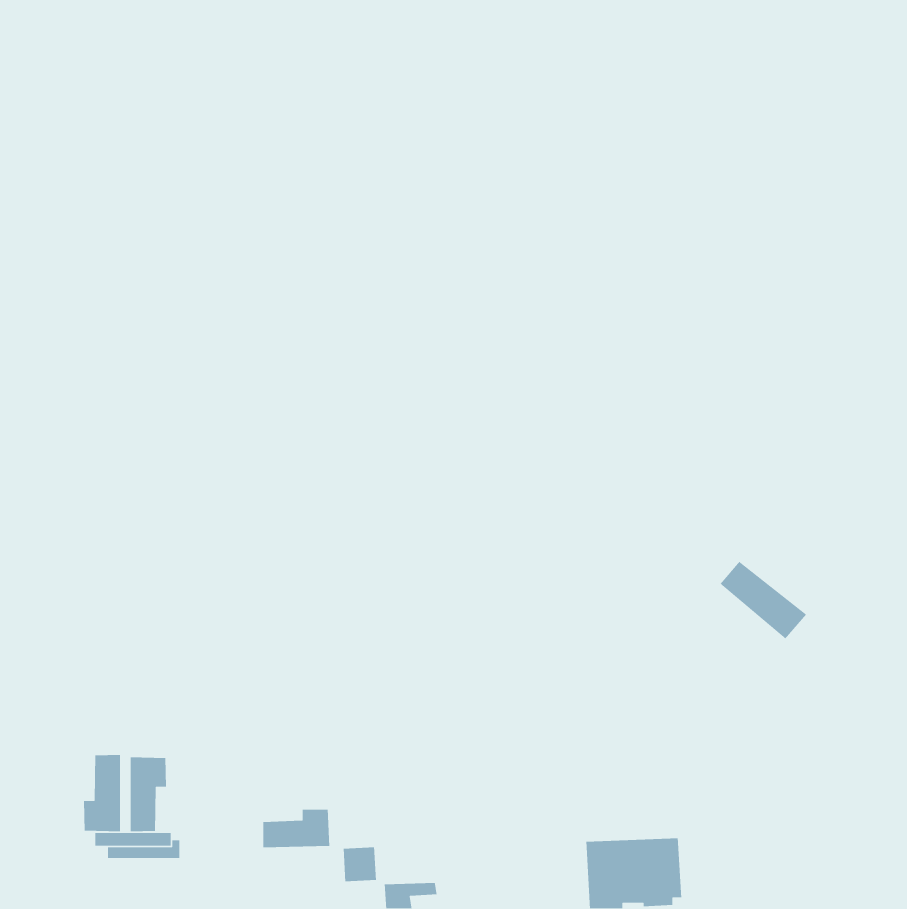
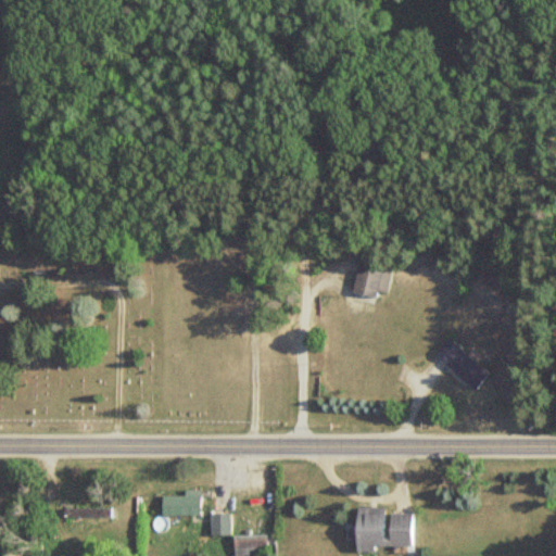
building: none -> [350,264,388,300]
building: [83,754,121,832] -> none
building: [130,757,167,832] -> none

